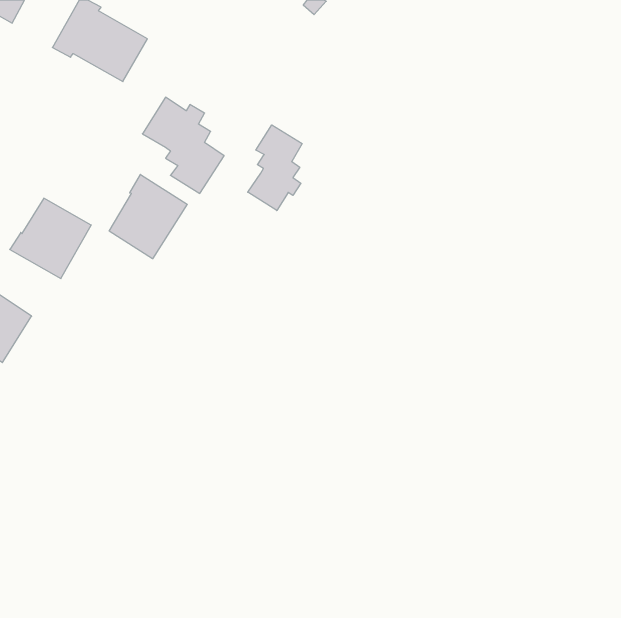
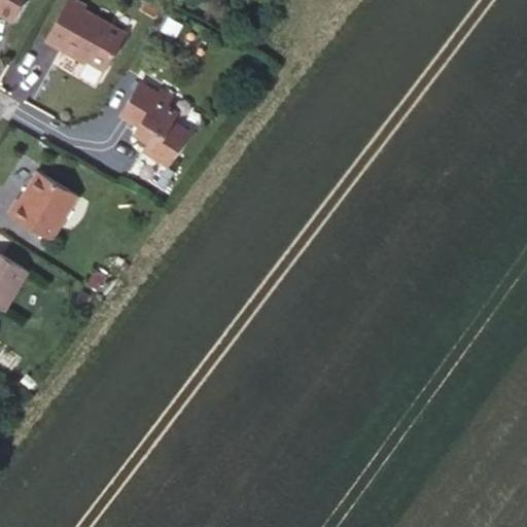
building: [248,125,302,211] -> none
building: [109,174,187,259] -> none

